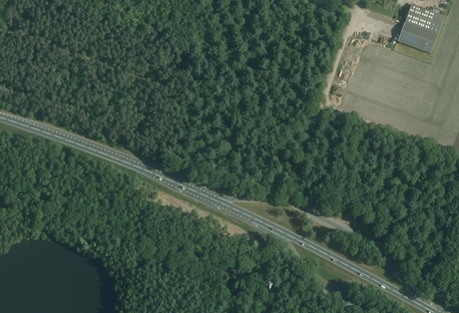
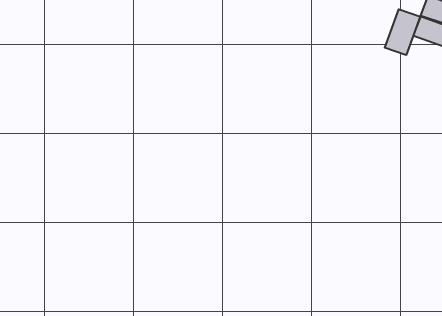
building: none -> [385,9,420,55]

